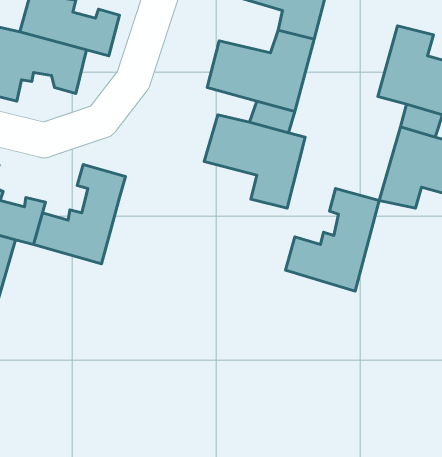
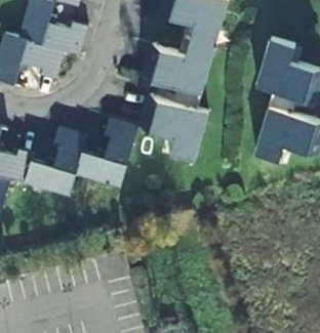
building: [286,189,379,291] -> [78,118,142,188]

